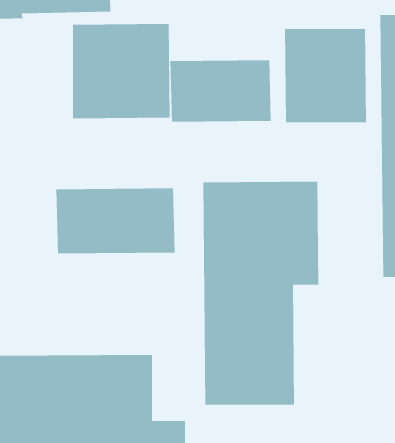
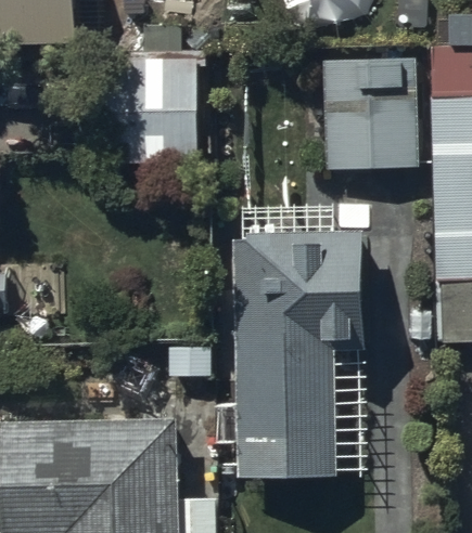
building: [170,59,271,123] -> none
building: [56,188,175,254] -> none

